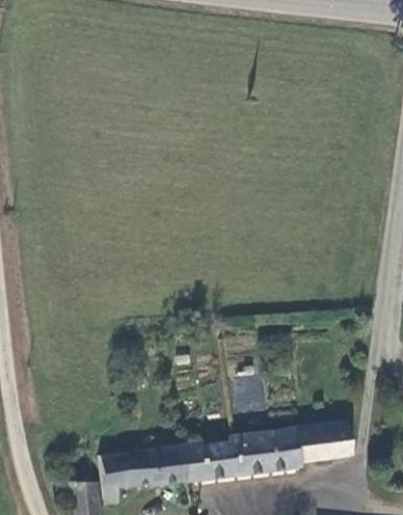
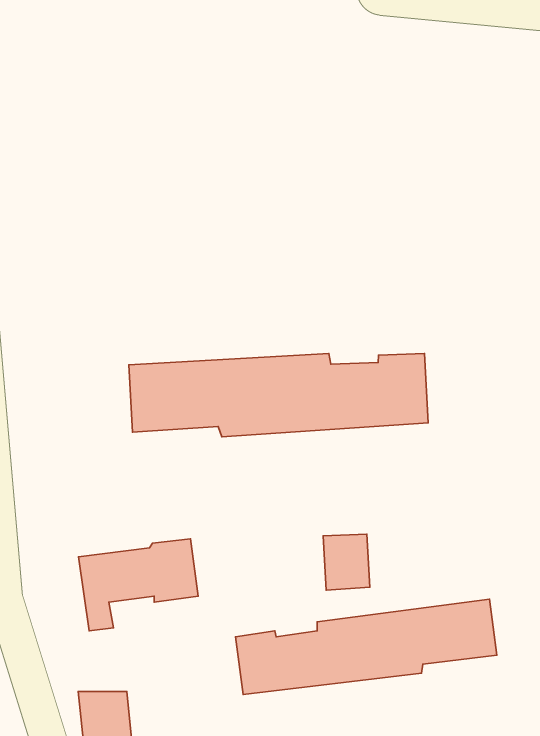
building: none -> [129,354,428,437]
building: [96,444,178,508] -> [79,539,198,631]

